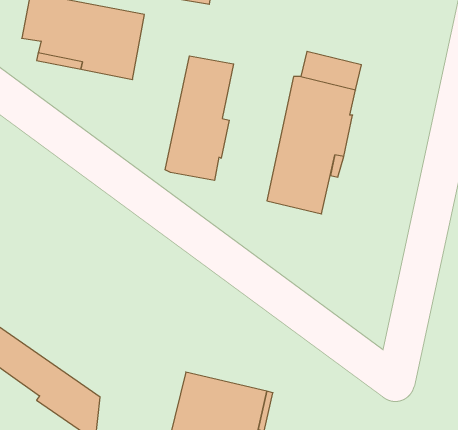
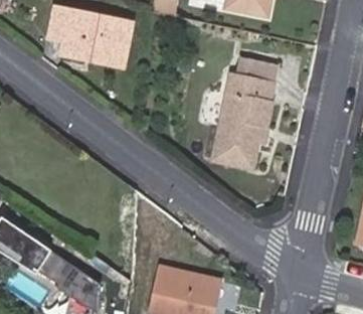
building: [165,56,234,180] -> none

